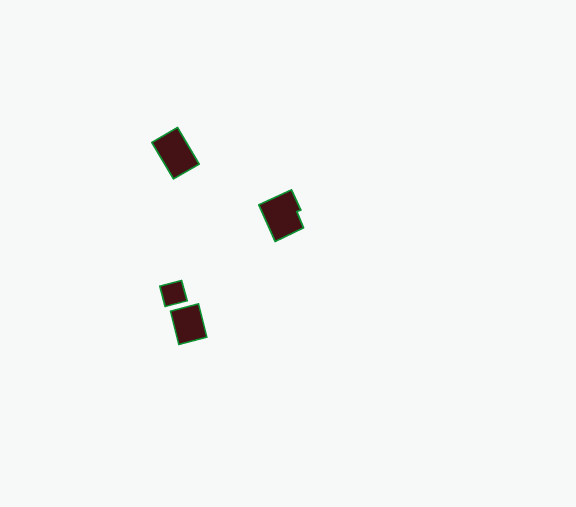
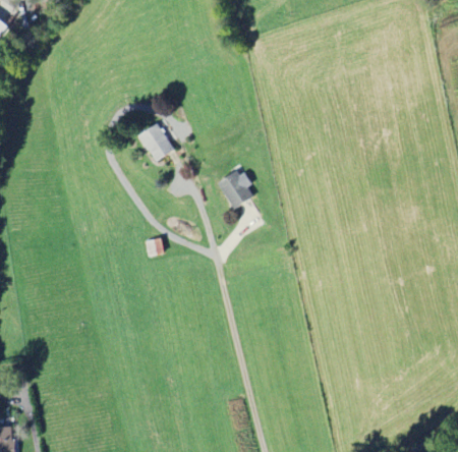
building: [170,304,207,345] -> none

